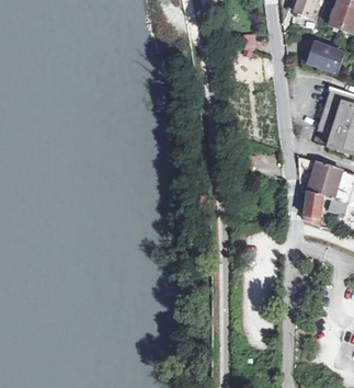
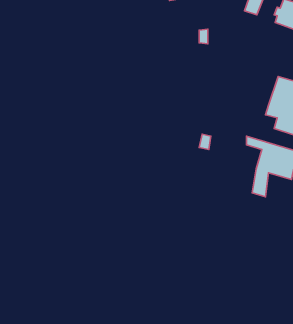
building: [310,45,346,73] -> none

